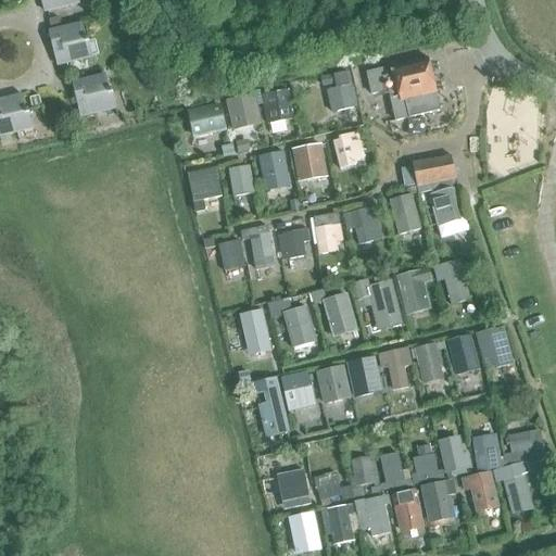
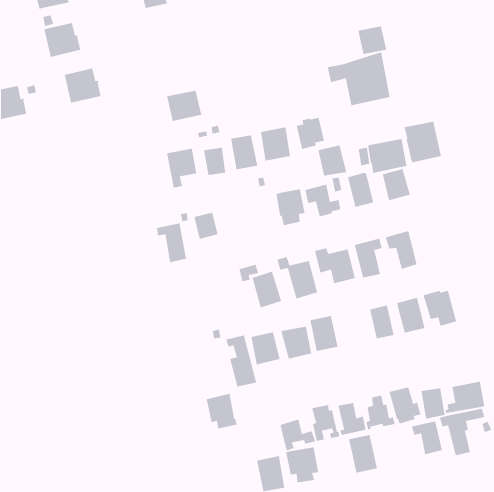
building: none -> [357,25,387,55]
building: [321,71,356,111] -> none
building: [261,89,294,124] -> none
building: [226,93,261,130] -> none
building: none -> [403,121,442,163]
building: none -> [318,144,347,177]
building: [240,224,275,269] -> [156,223,187,263]
building: [278,227,311,258] -> none
building: [240,308,269,345] -> none
building: [377,345,413,390] -> none
building: [276,467,312,508] -> [206,393,238,430]
building: [420,480,456,523] -> none
building: [353,492,391,535] -> none

